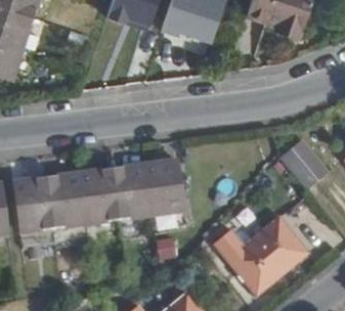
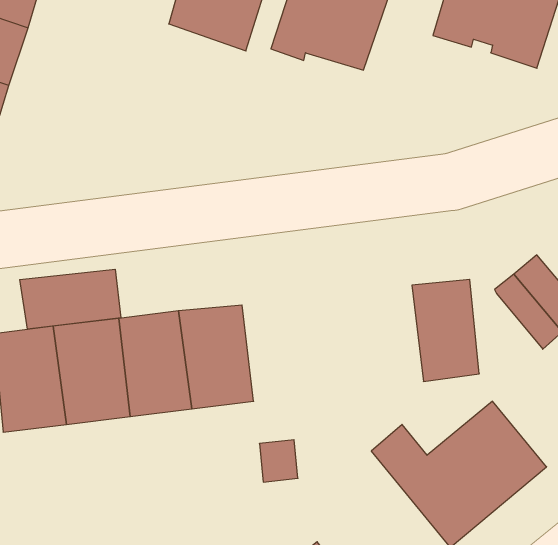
building: none -> [20,269,121,329]
building: [146,162,182,216] -> [412,279,479,381]

